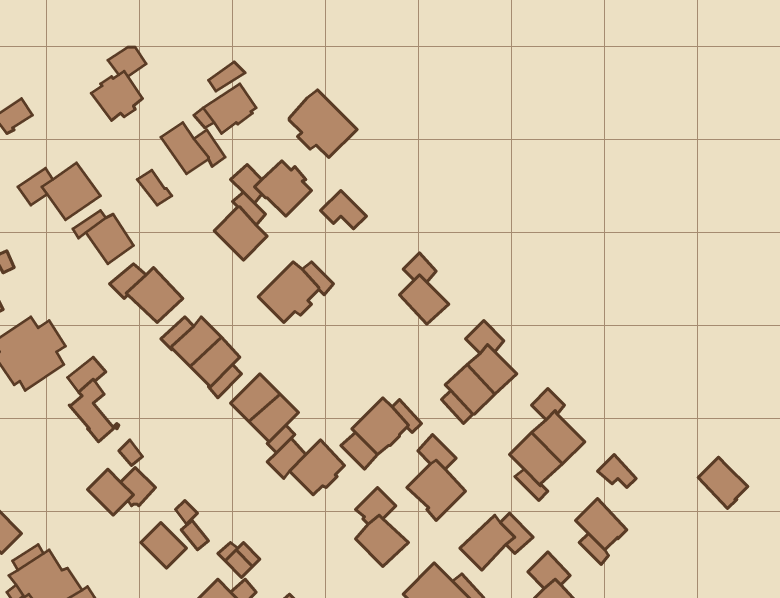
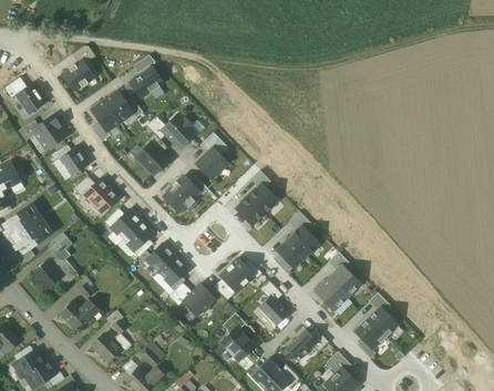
building: [289,90,357,158] -> none
building: none -> [14,83,45,114]
building: none -> [91,100,120,131]
building: none -> [196,147,227,178]
building: none -> [235,195,265,225]
building: none -> [32,259,61,289]
building: [698,457,748,509] -> [368,306,398,337]

